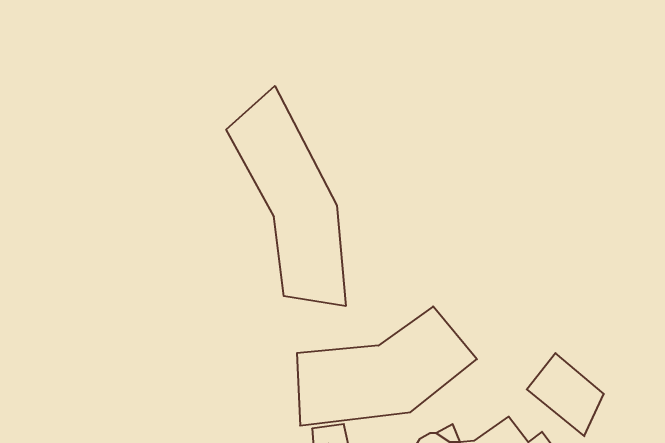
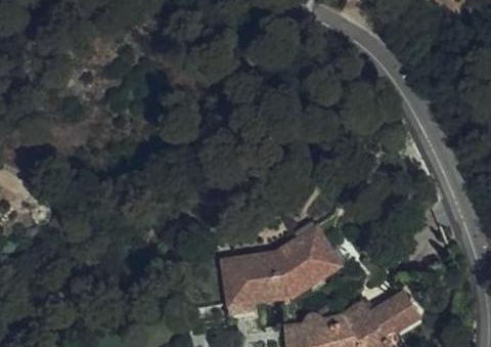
building: [226,86,346,306] -> none

